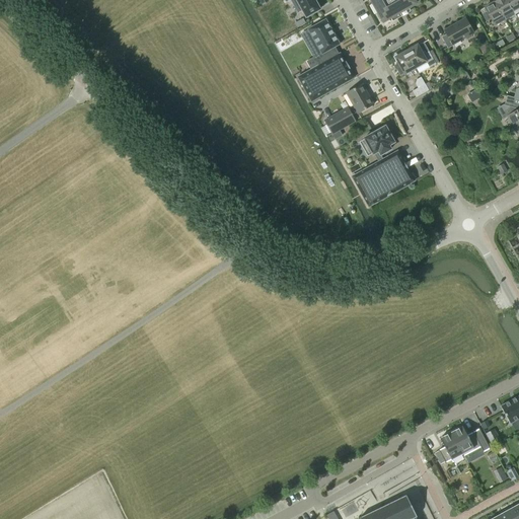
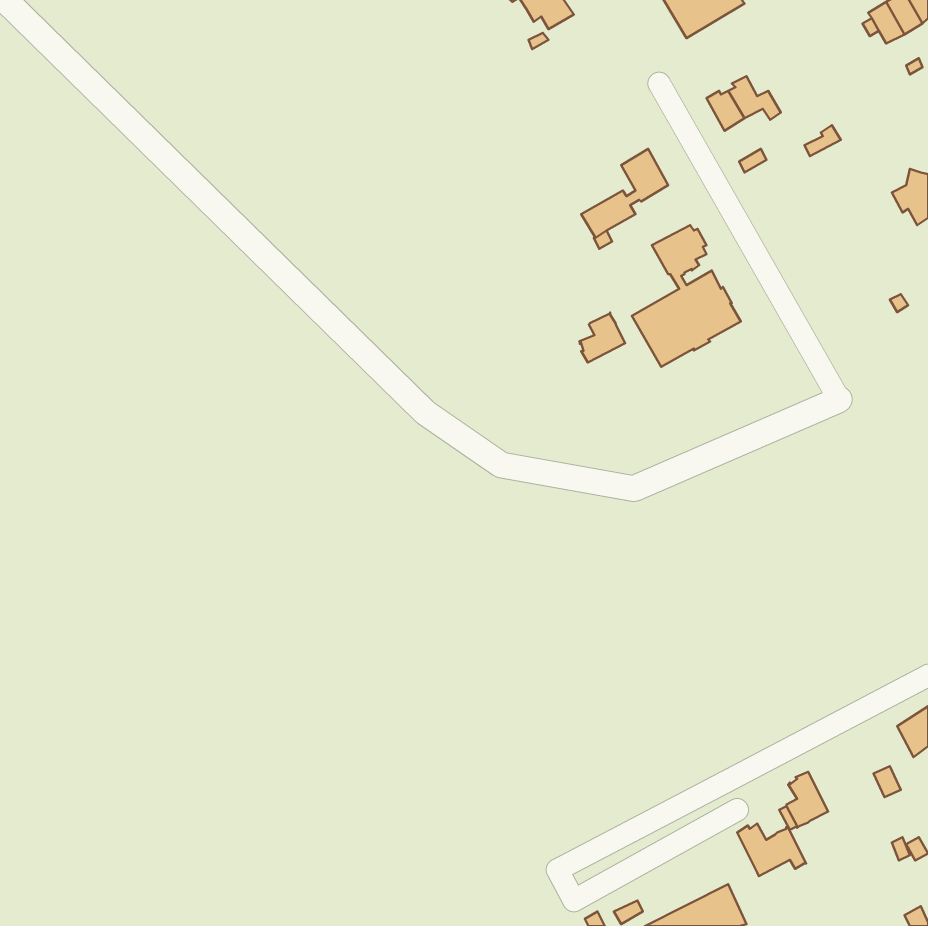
building: [441,17,473,48] -> none
building: [297,18,354,101] -> none
building: none -> [579,313,625,363]
building: [451,426,490,455] -> [737,824,806,876]

